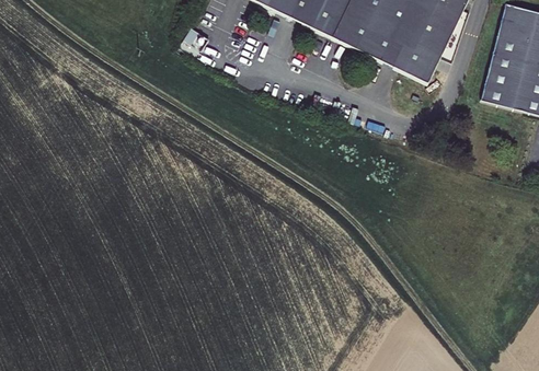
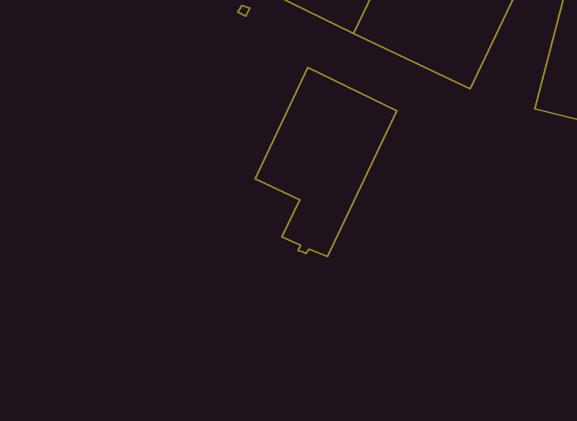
building: none -> [255,68,397,257]

